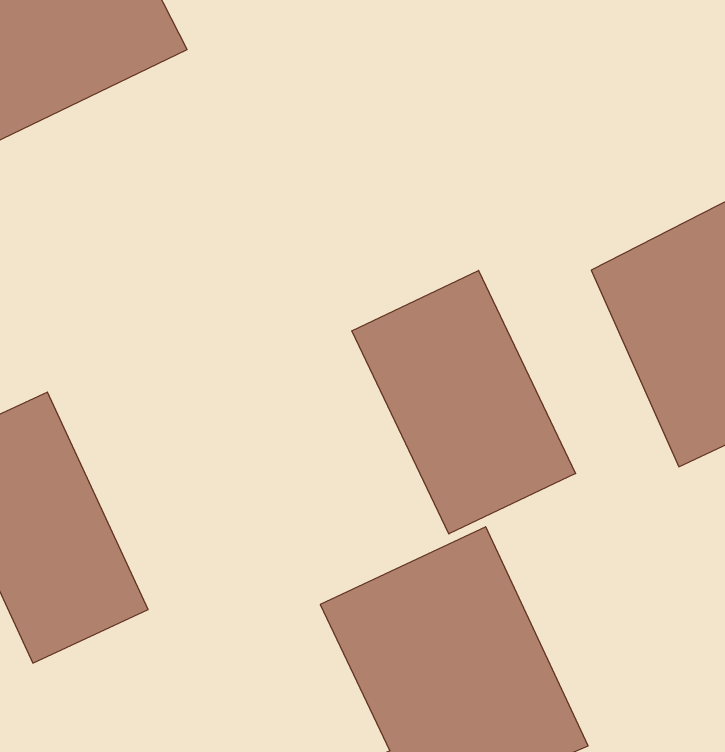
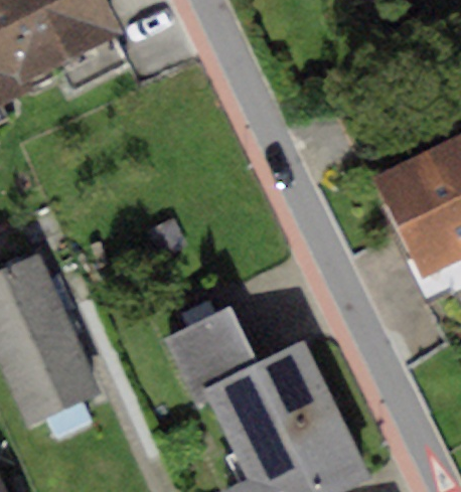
building: [352,270,576,534] -> none
building: none -> [162,305,257,394]

